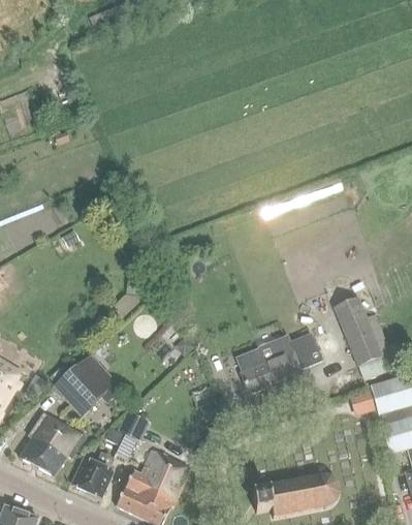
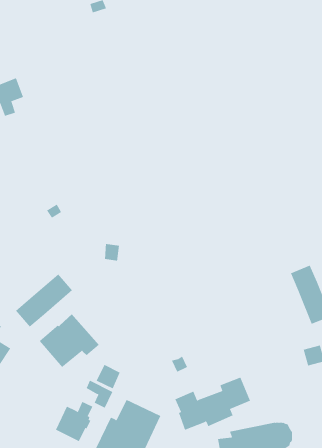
building: none -> [15,273,73,328]
building: [236,333,322,393] -> [175,377,251,430]
building: [22,411,85,475] -> none

